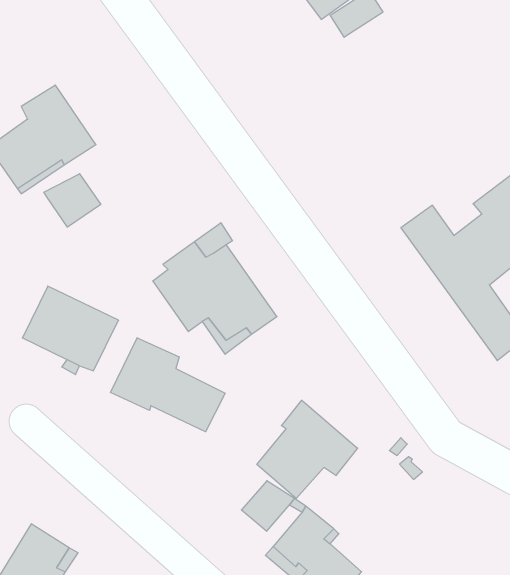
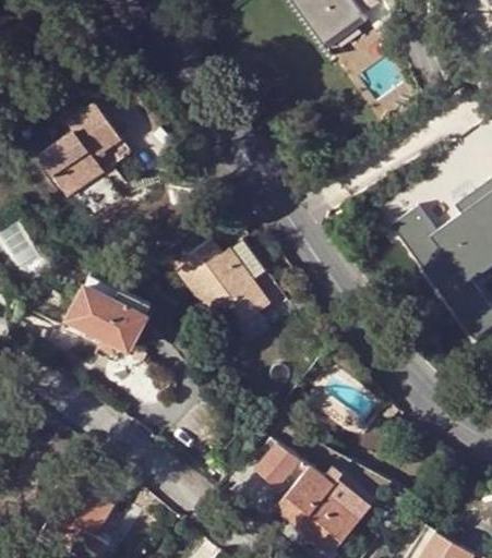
building: [44,174,101,227] -> none
building: [110,338,225,432] -> none
building: [257,400,358,499] -> none

